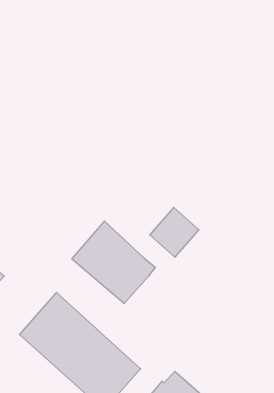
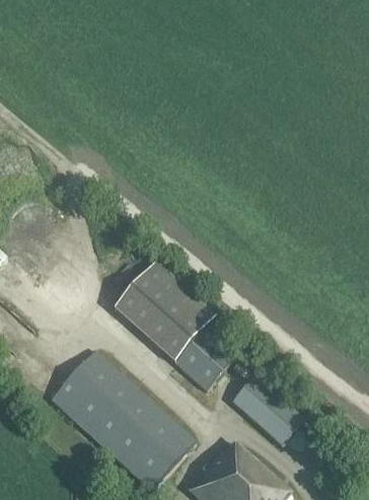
building: [150,207,199,257] -> [175,330,233,388]
building: none -> [232,375,304,445]

